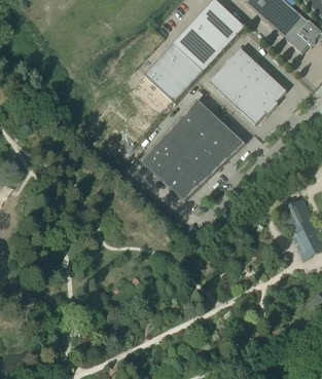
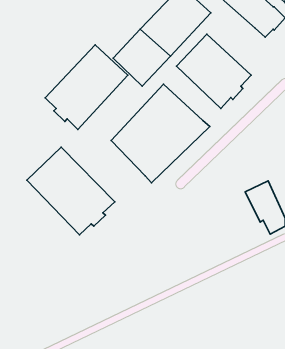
building: none -> [45,45,128,130]
building: none -> [27,147,115,235]

